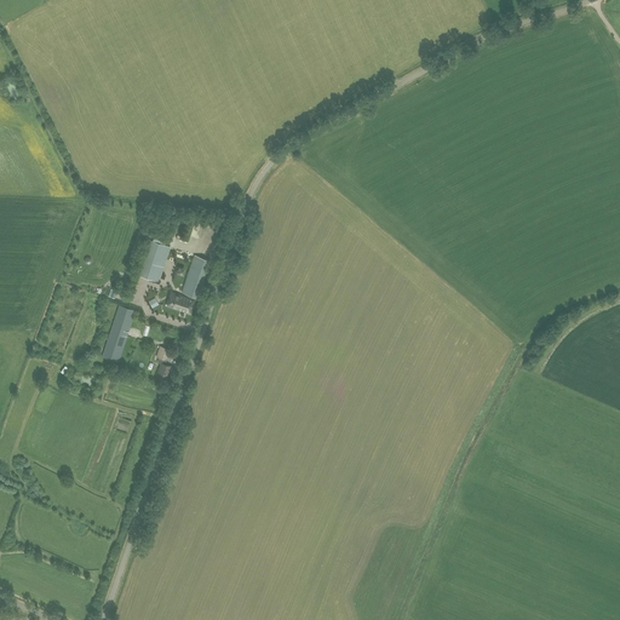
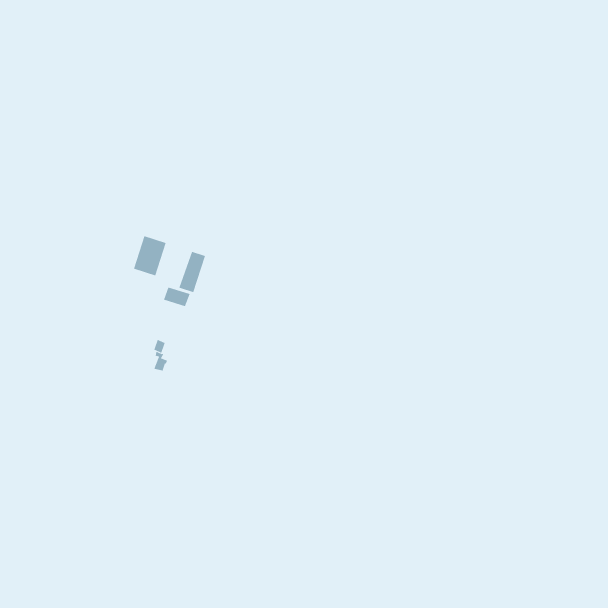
building: [102,305,136,362] -> none

